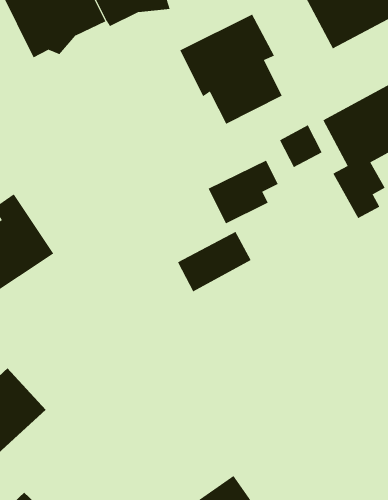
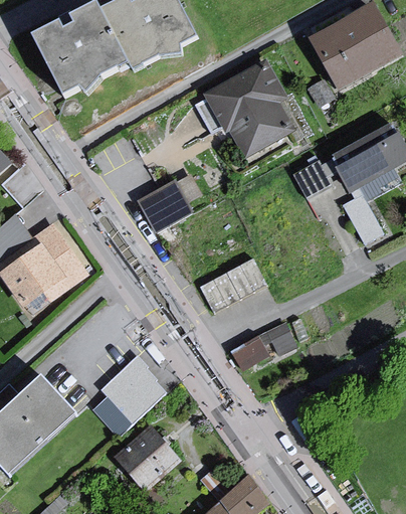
building: [208,160,279,224] -> [135,171,199,229]
building: none -> [226,320,293,374]
building: none -> [88,356,166,438]
building: none -> [114,425,181,493]

